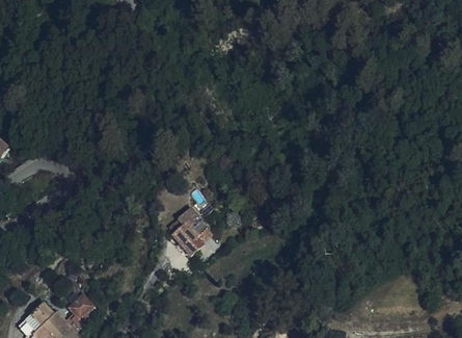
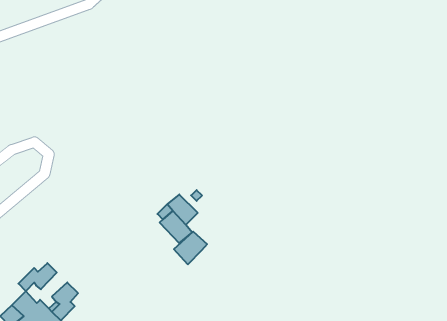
building: none -> [174,232,207,264]
building: none -> [18,263,57,291]

